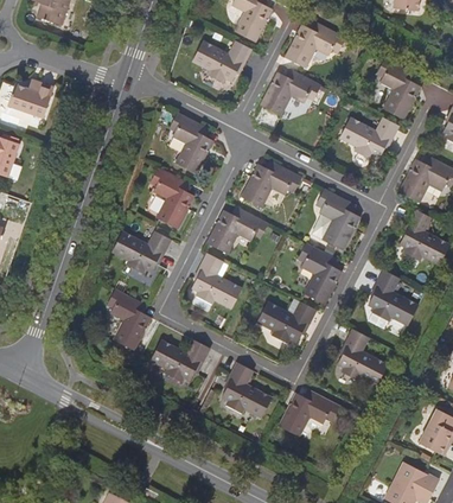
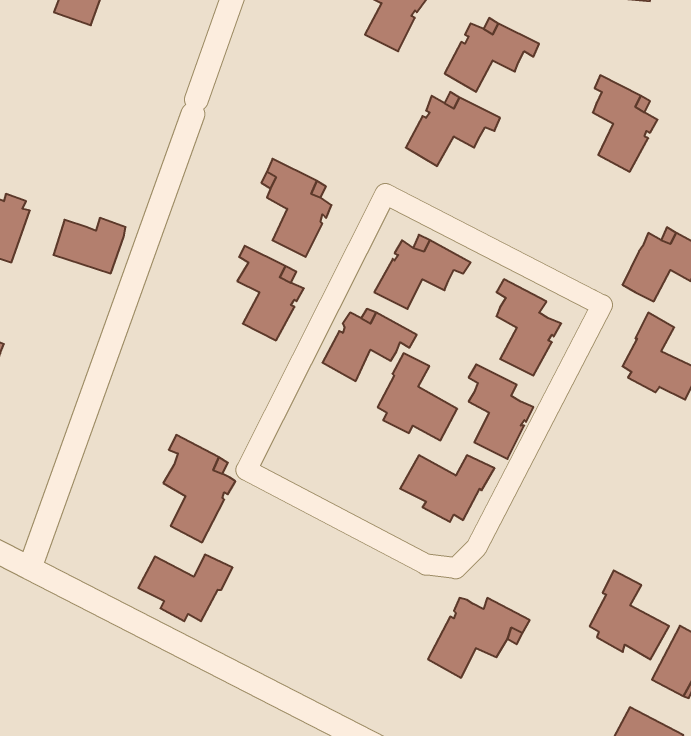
building: [192,38,251,82] -> none
building: [8,82,55,117] -> [53,218,126,273]
building: [340,116,400,159] -> none
building: [113,229,172,273] -> none
building: [191,252,242,307] -> [378,353,457,440]
building: [368,269,419,325] -> none
building: [338,327,389,384] -> [590,570,669,659]
building: [151,338,211,381] -> [138,555,233,621]
building: [221,361,272,416] -> none

